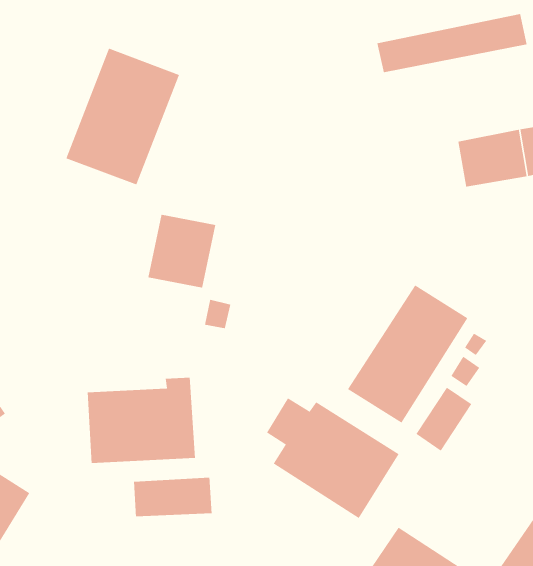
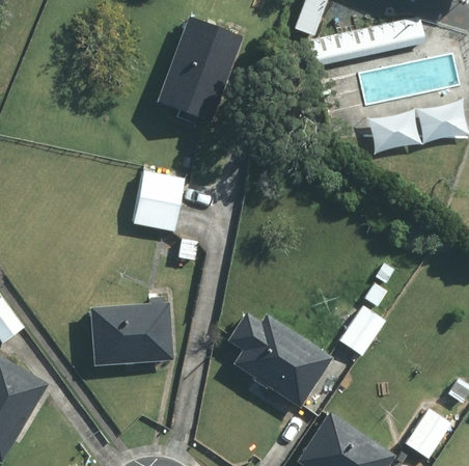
building: [65,48,180,185] -> [155,17,243,122]
building: [347,284,468,423] -> none
building: [133,477,212,517] -> none

